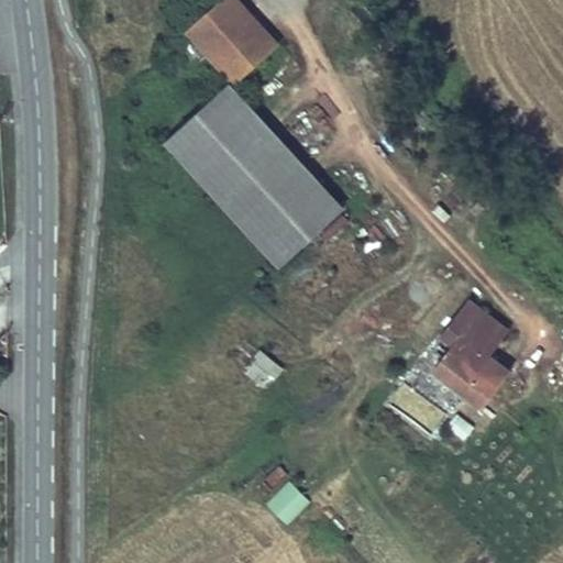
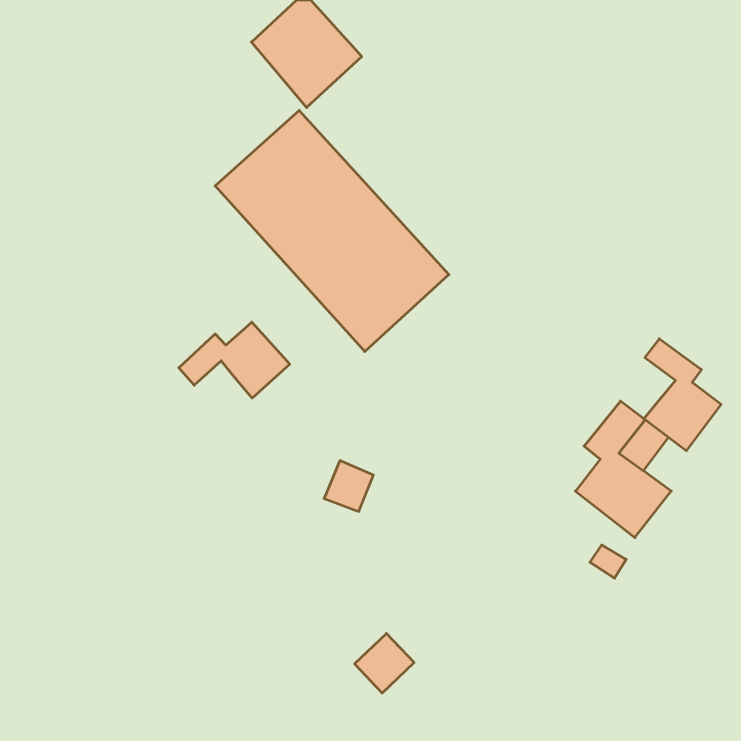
building: none -> [179,322,290,398]
building: none -> [644,339,721,451]

